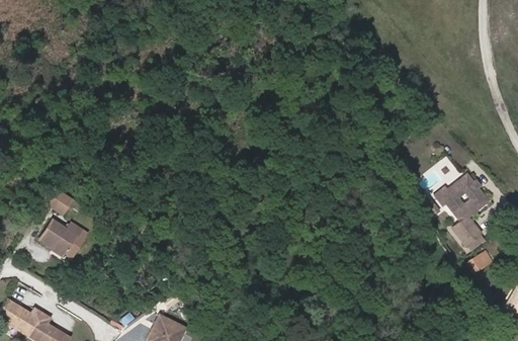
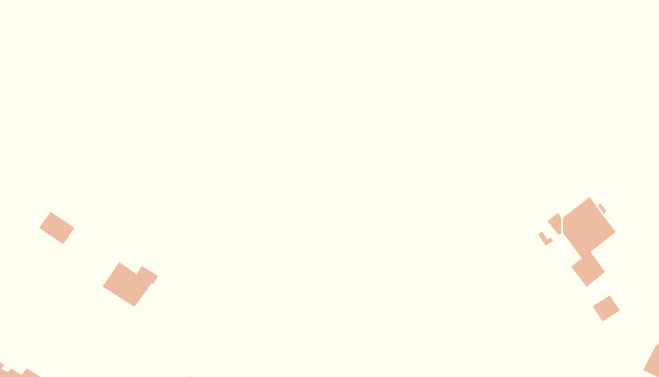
building: [40,220,84,255] -> [102,261,159,308]

